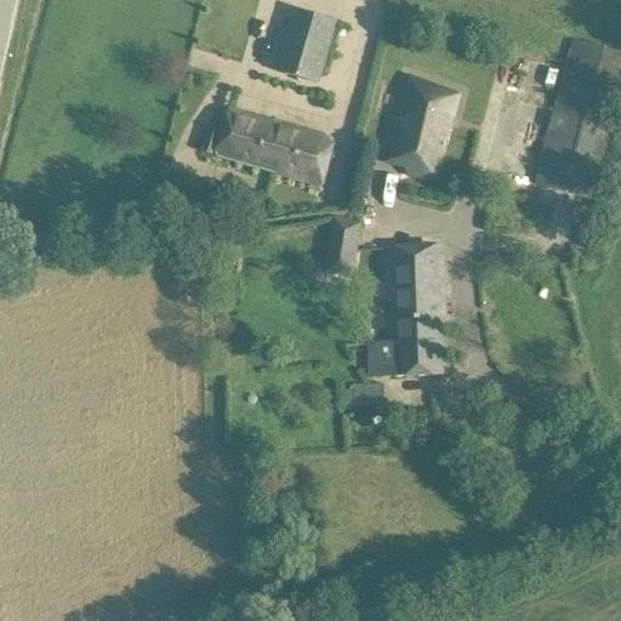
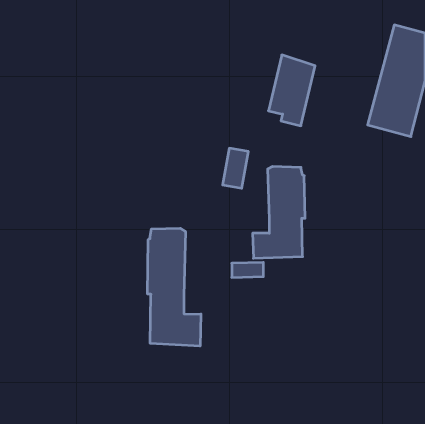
building: [278,7,335,81] -> none
building: [200,108,323,184] -> none
building: none -> [148,228,201,346]

